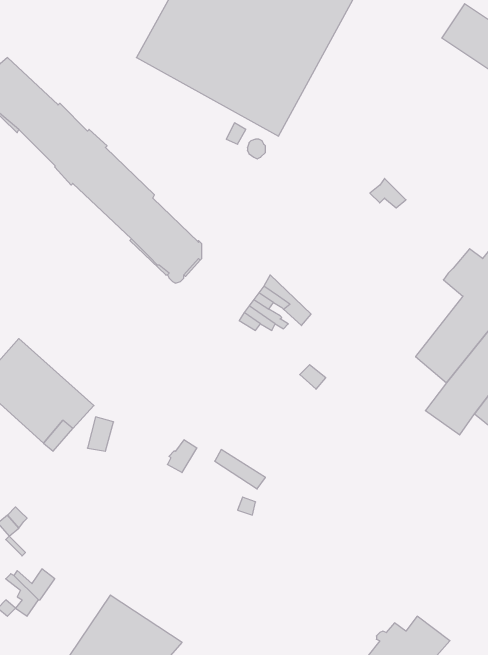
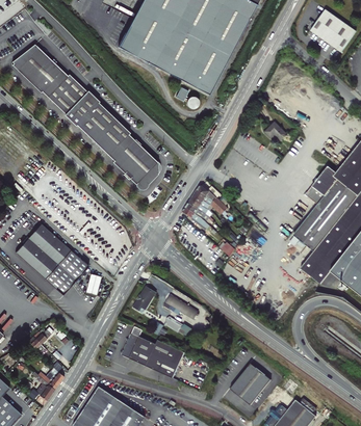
building: none -> [123,332,185,378]
building: none -> [230,364,272,405]

